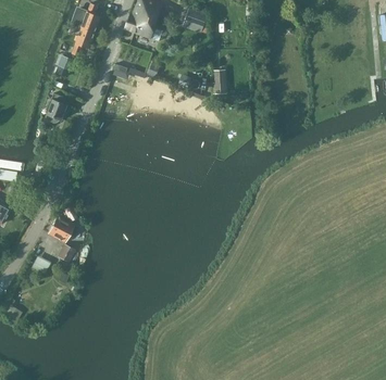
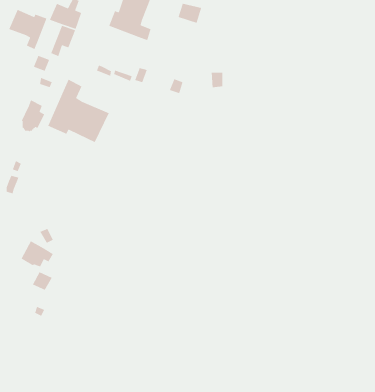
building: none -> [8,9,47,50]
building: none -> [47,79,110,143]

